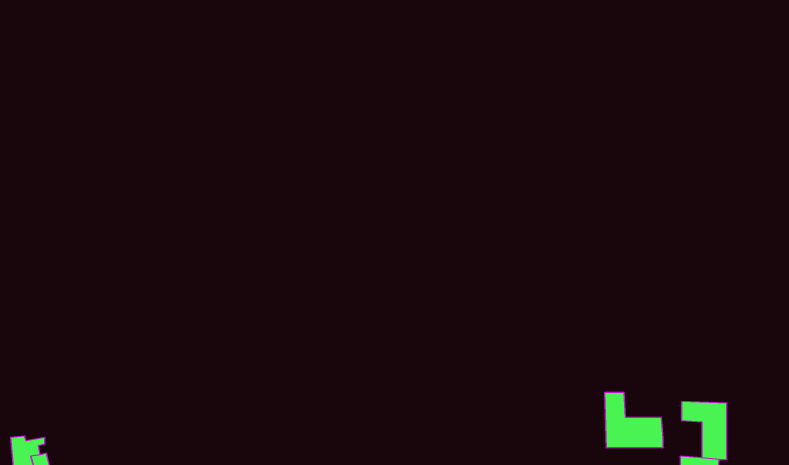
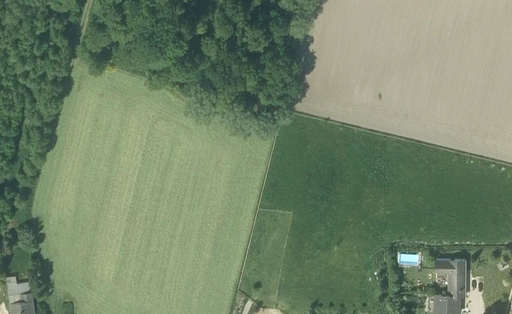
building: [605,392,663,448] -> none

